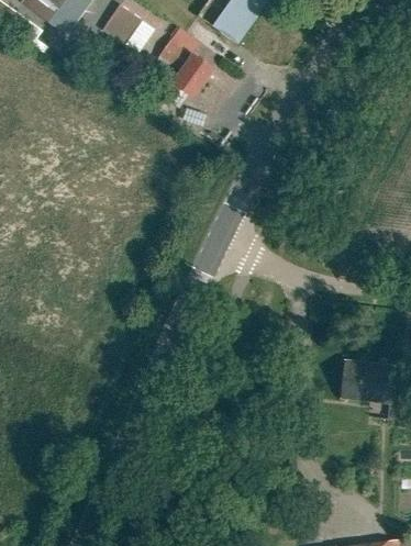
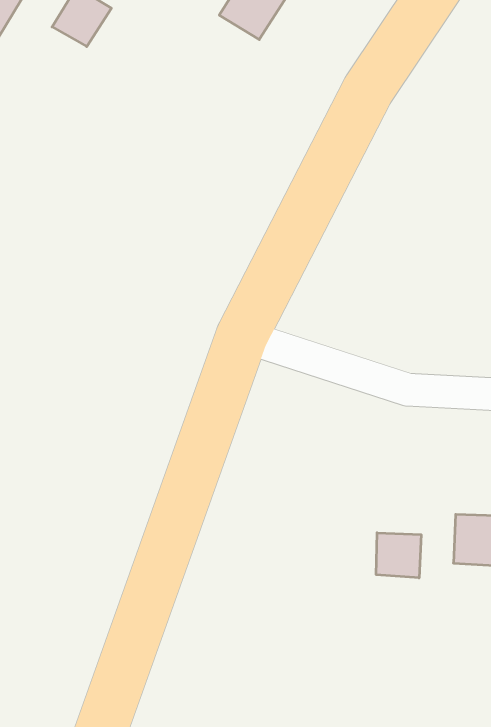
building: [159,41,214,96] -> none
building: none -> [376,533,421,578]

